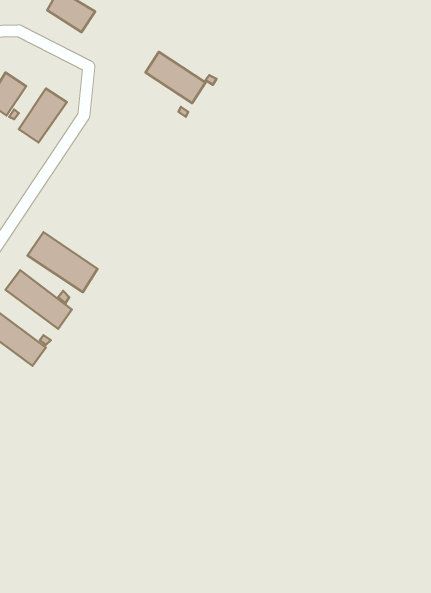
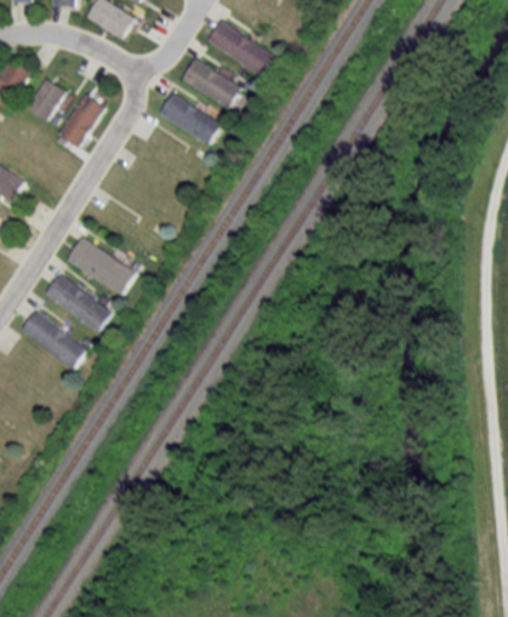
building: none -> [209,19,275,75]
building: none -> [160,92,222,143]

